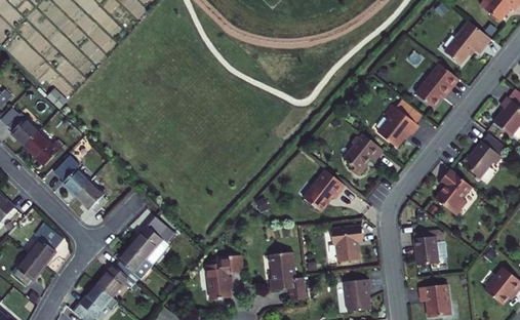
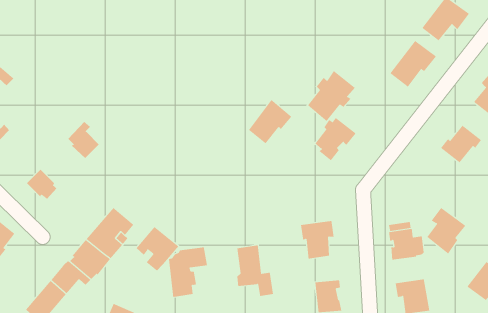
building: [376,97,422,146] -> [307,70,355,122]
building: [58,159,88,194] -> [68,121,100,159]
building: [436,166,473,210] -> [426,207,466,255]
building: [304,171,345,213] -> [248,99,292,144]
building: none -> [136,226,179,272]

